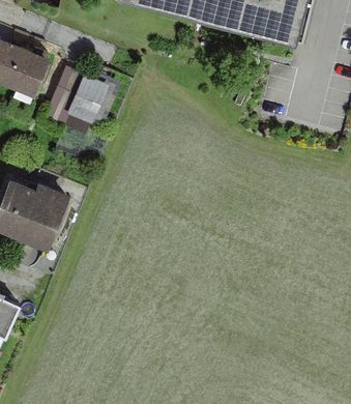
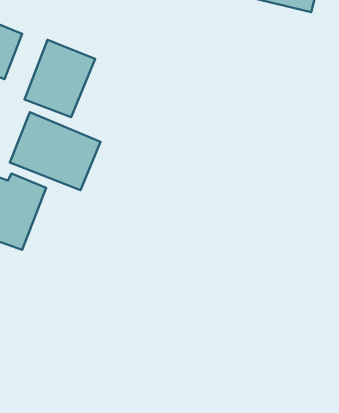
building: none -> [10,112,101,190]

